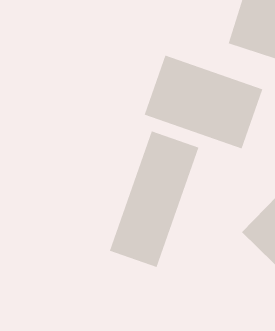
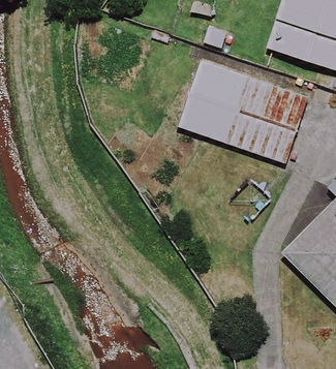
building: [109,130,199,268] -> none

